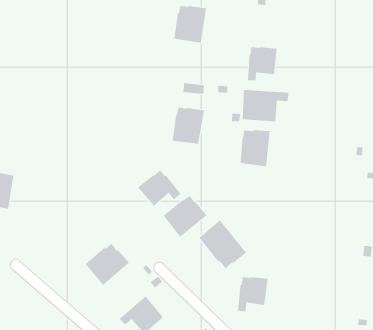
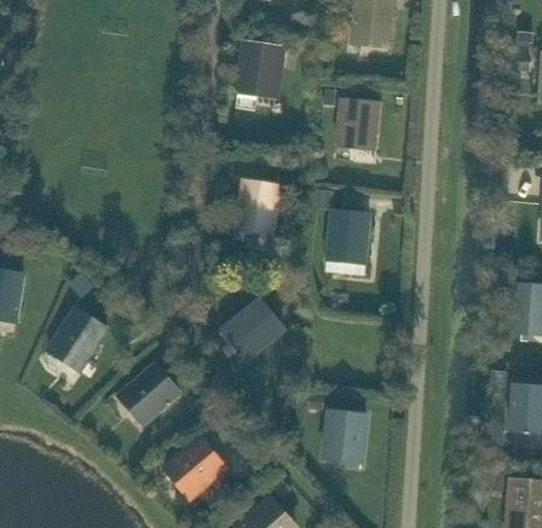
building: [242,89,289,122] -> none
building: [137,170,182,207] -> none
building: none -> [50,310,106,371]
building: [198,219,247,269] -> none

